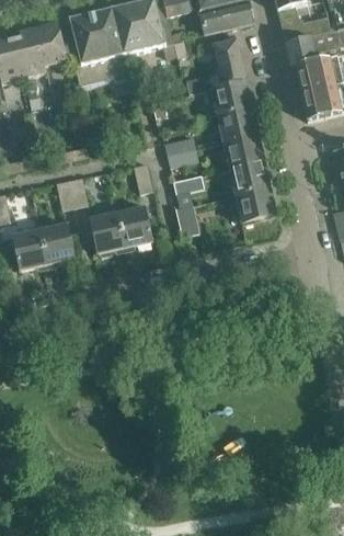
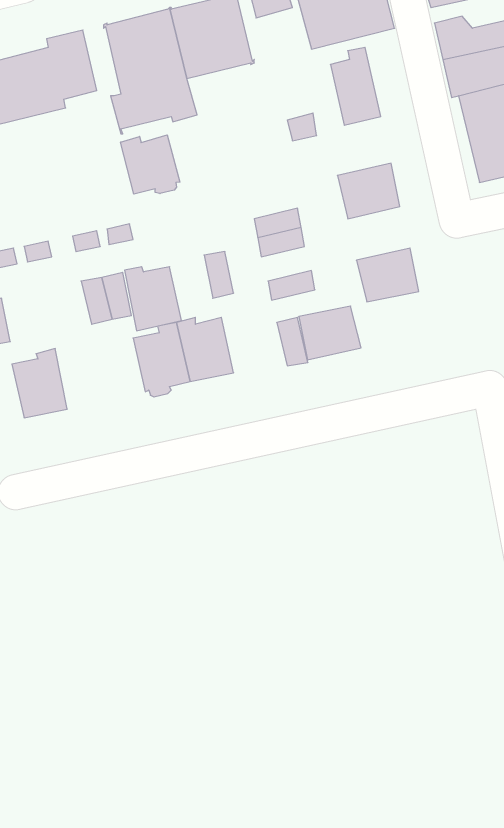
building: [211,81,252,115] -> none
building: none -> [121,135,180,194]
building: [225,135,264,169] -> none
building: [237,189,276,223] -> [299,306,361,360]
building: [39,223,76,263] -> [125,267,182,331]

